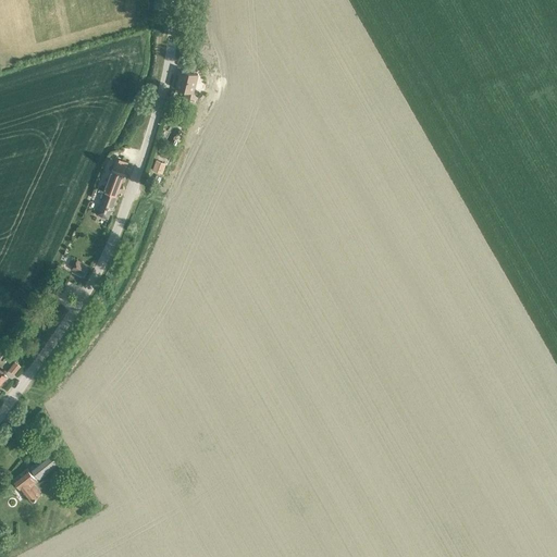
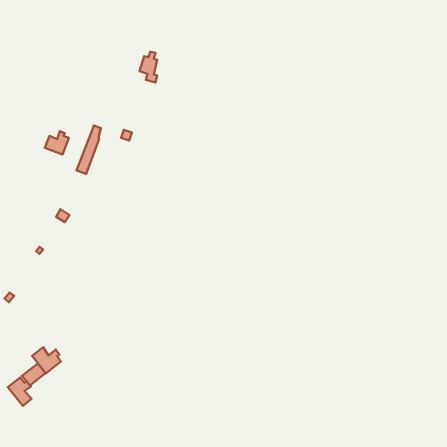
building: none -> [45,131,69,155]
building: none -> [32,347,61,373]

